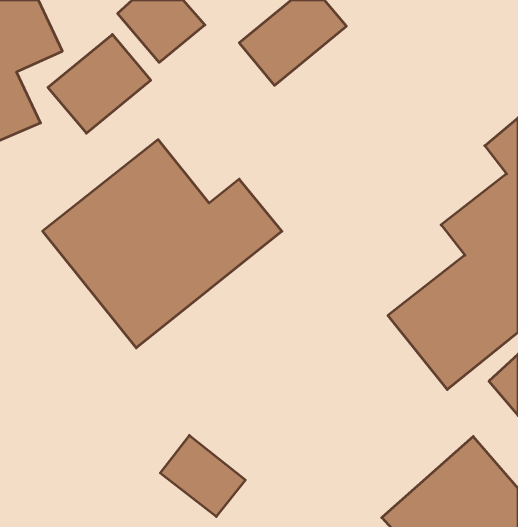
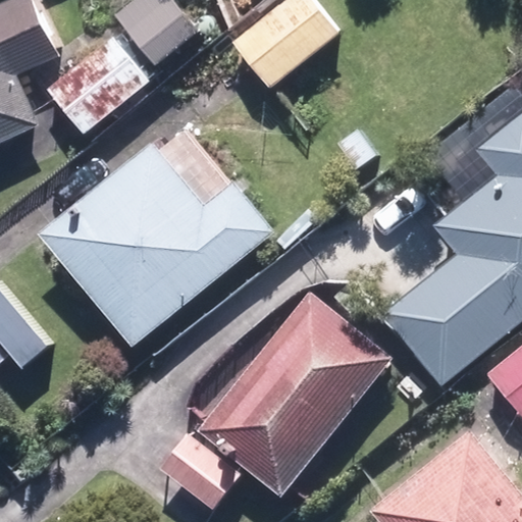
building: none -> [201,291,393,494]

